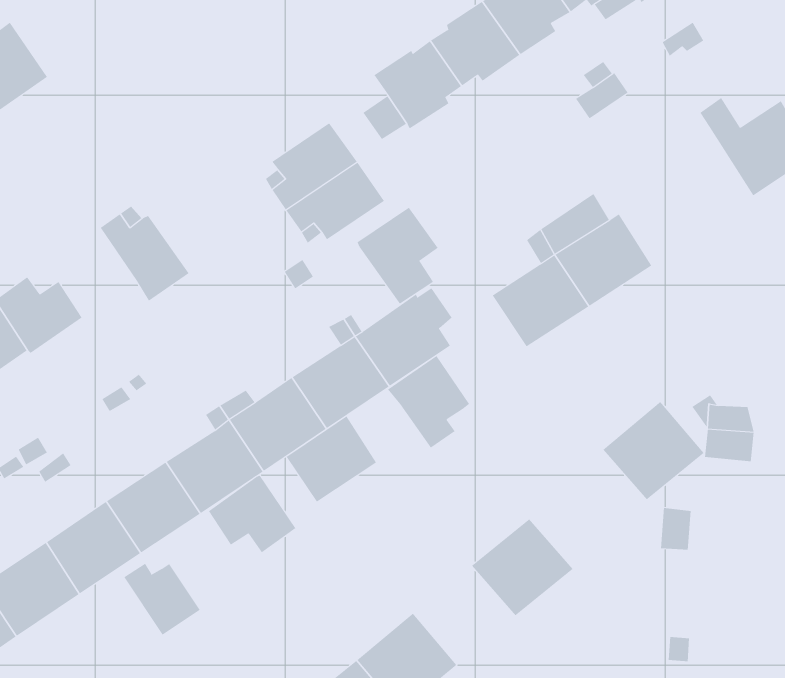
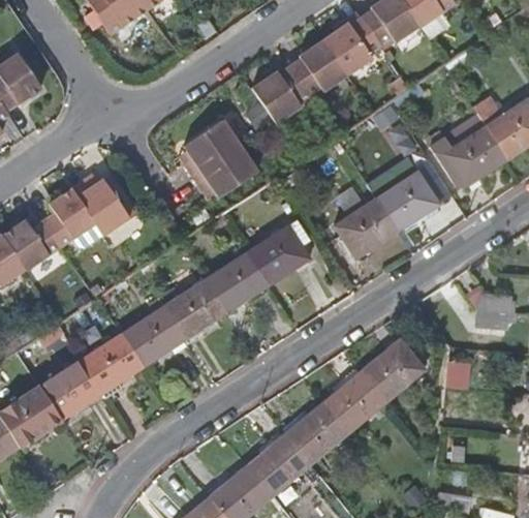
building: none -> [424,117,503,190]
building: [357,207,439,304] -> none
building: none -> [48,183,98,242]
building: [387,355,470,448] -> none
building: [602,401,705,500] -> [356,342,424,407]
building: [286,416,377,503] -> none
building: [208,475,296,553] -> none
building: [123,563,200,635] -> none
building: none -> [280,405,347,470]

